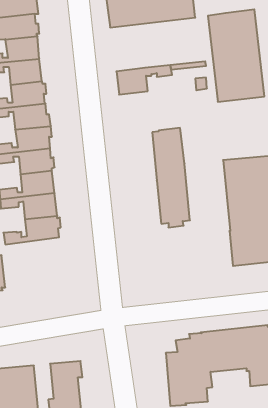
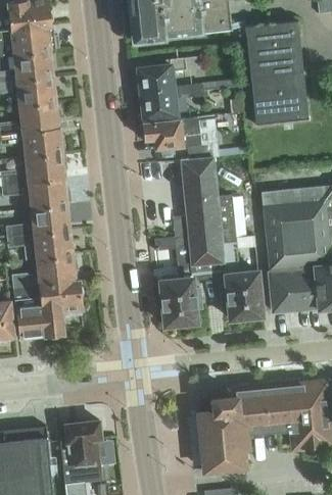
building: none -> [138,57,200,91]
building: none -> [142,116,212,158]
building: none -> [218,195,262,318]
building: none -> [159,215,201,326]
building: none -> [13,280,83,339]

